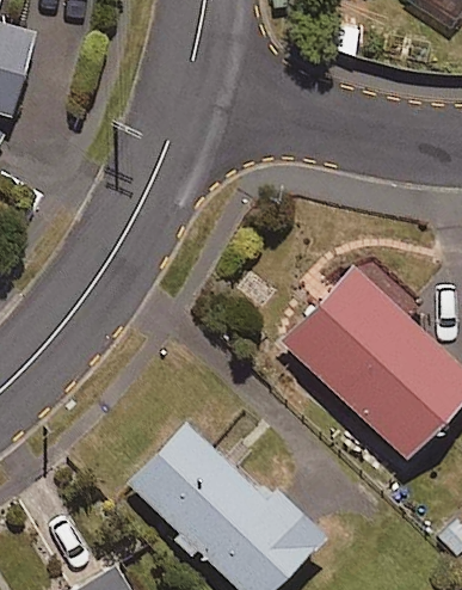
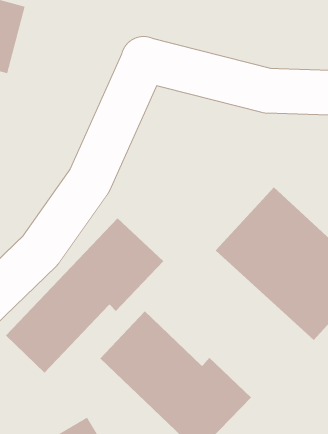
building: none -> [5,218,164,373]

